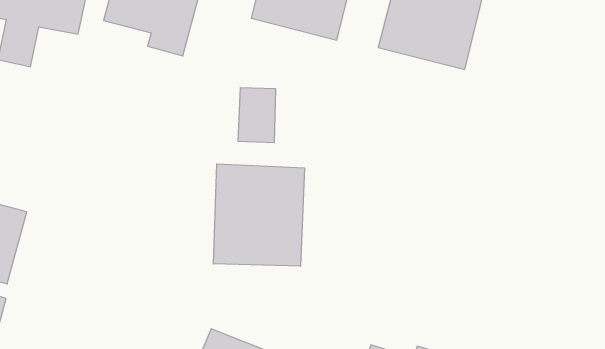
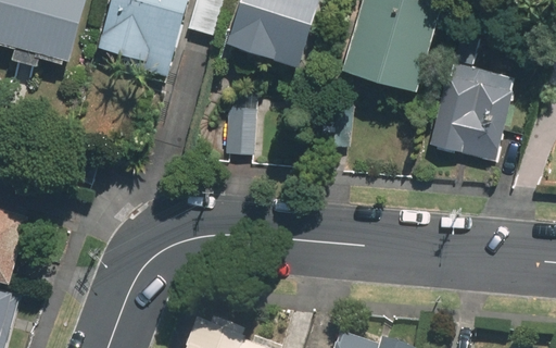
building: none -> [427,35,514,163]
building: [213,164,304,266] -> none

